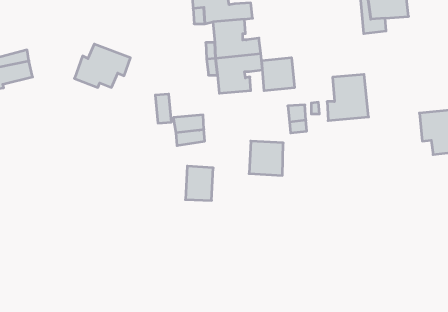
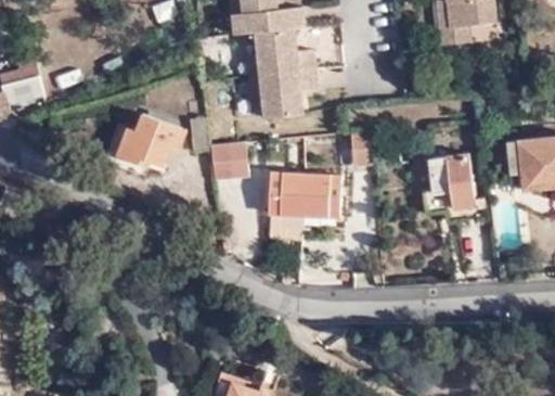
building: [74,44,130,87] -> [117,115,184,167]
building: [262,58,294,91] -> none
building: [327,74,369,121] -> [423,155,473,210]
building: [185,166,213,200] -> [269,173,302,214]

